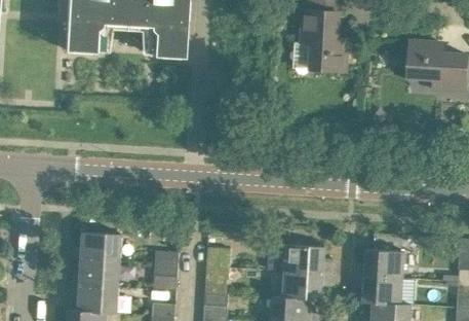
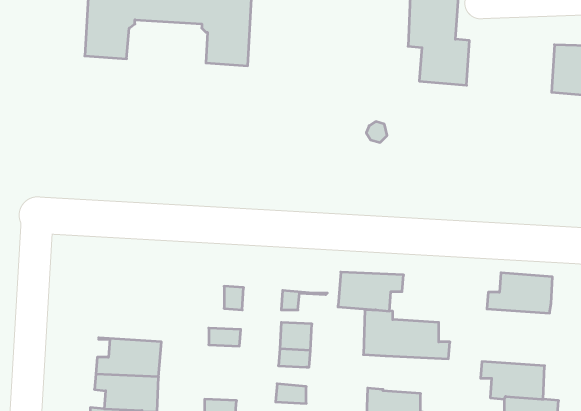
building: [74,233,121,261] -> none
building: [356,249,404,279] -> [487,273,552,313]
building: [153,263,178,291] -> none
building: [283,272,331,300] -> [338,272,404,311]

